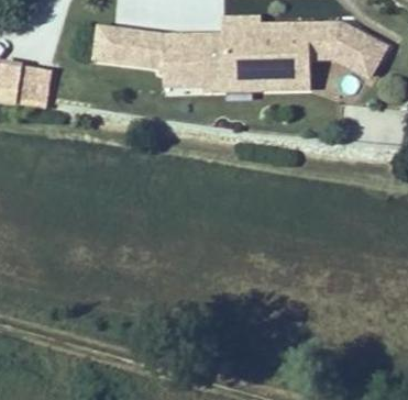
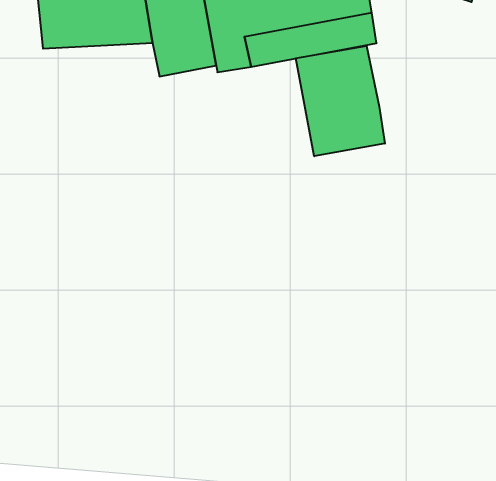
building: none -> [296,46,385,156]

